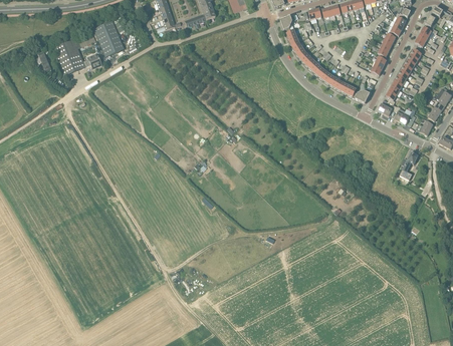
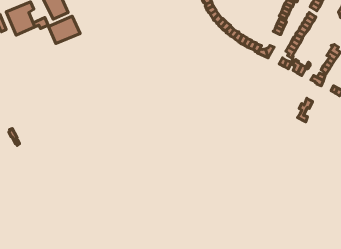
building: none -> [49,16,80,43]

